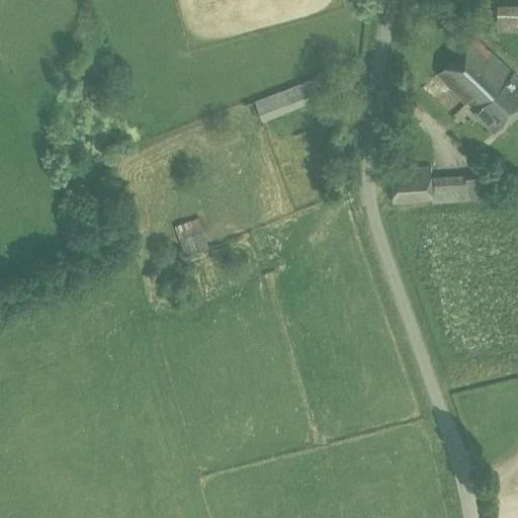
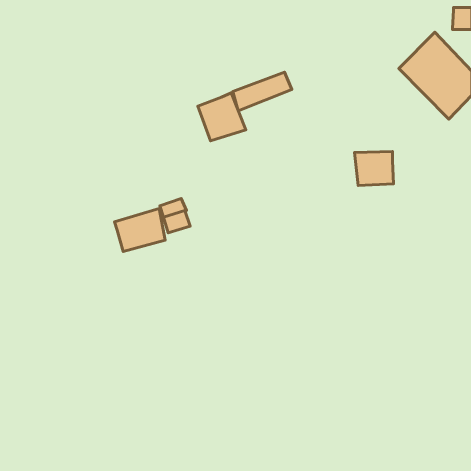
building: none -> [198,93,246,141]
building: [431,176,495,203] -> none
building: none -> [114,208,165,252]

